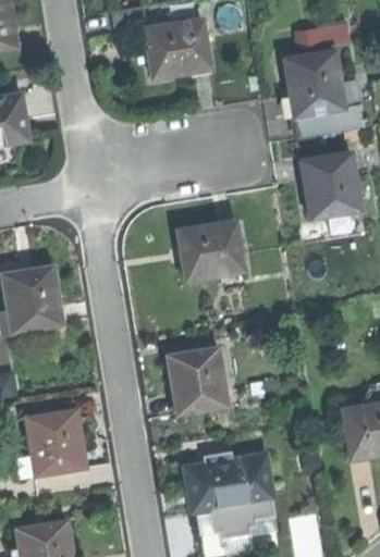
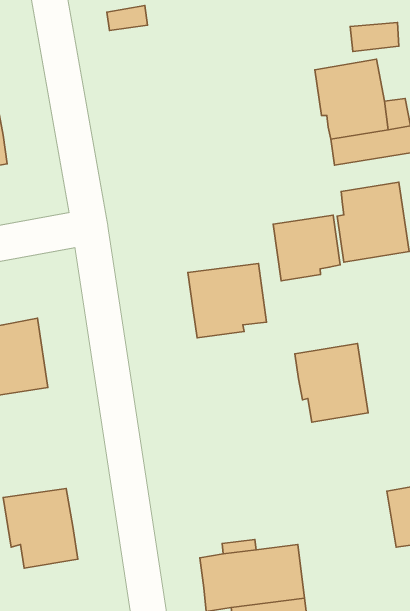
building: [145,21,210,81] -> none
building: none -> [273,215,340,281]
building: [167,347,228,412] -> [295,344,368,422]

